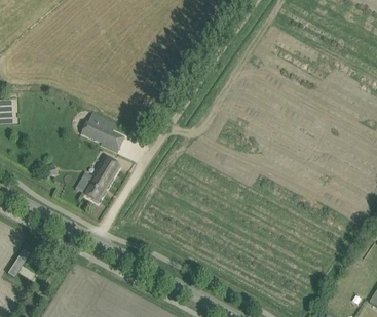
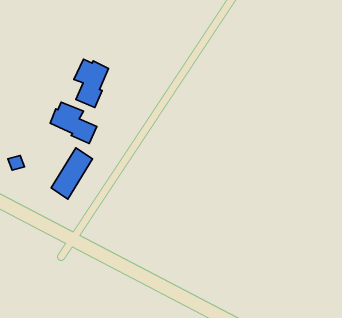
building: none -> [74,59,108,107]

